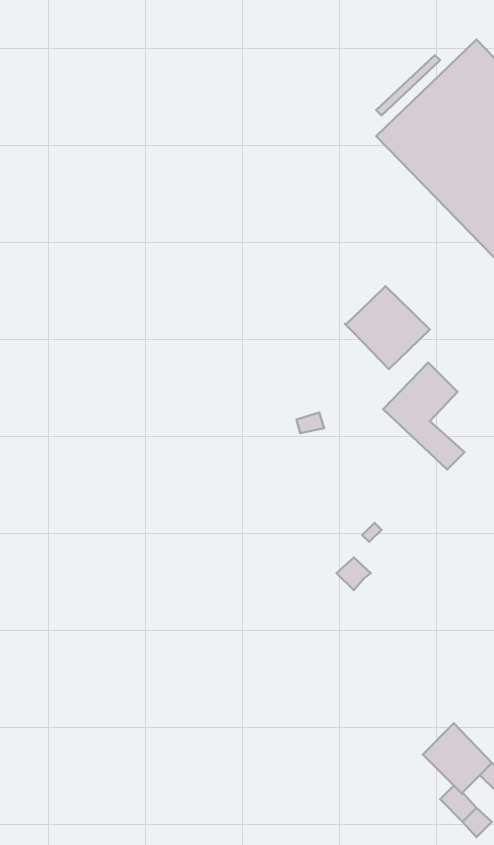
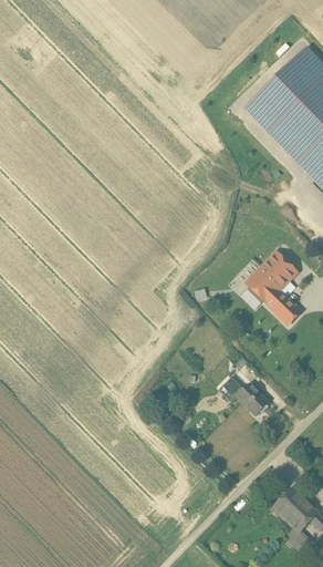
building: [345,286,430,369] -> none
building: none -> [236,383,269,414]

